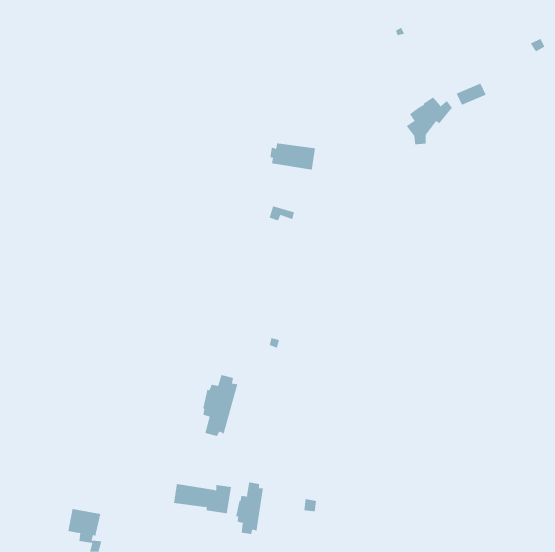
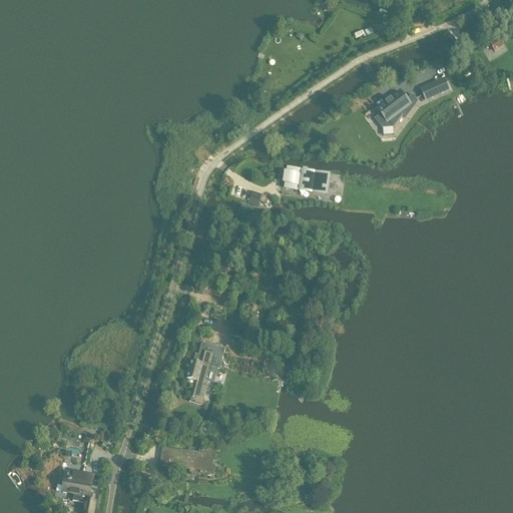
building: [270,143,316,170] -> [284,166,326,191]
building: [236,482,263,535] -> none

